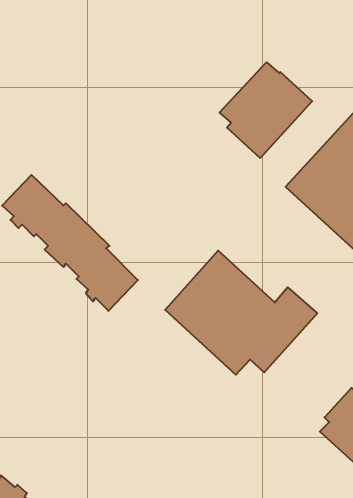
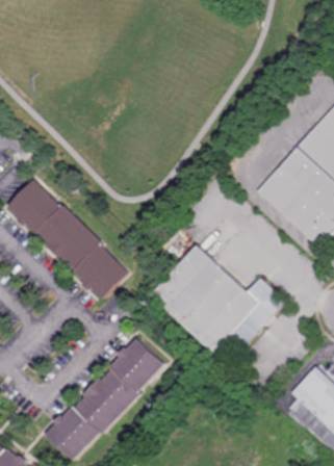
building: [220,62,312,158] -> none
building: none -> [46,338,162,459]

